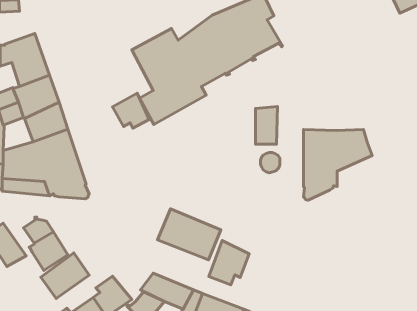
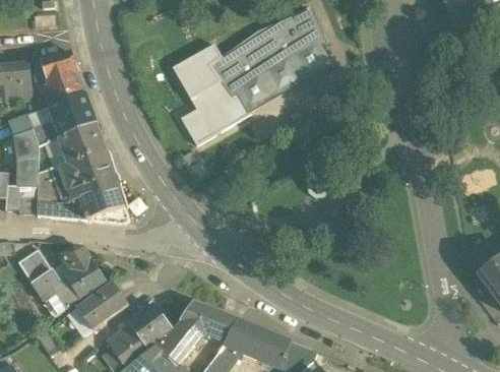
building: [112,93,149,128] -> none
building: [255,107,278,144] -> none
building: [303,130,372,200] -> none
building: [157,209,221,260] -> none
building: [209,240,249,285] -> none
building: none -> [42,278,80,314]

